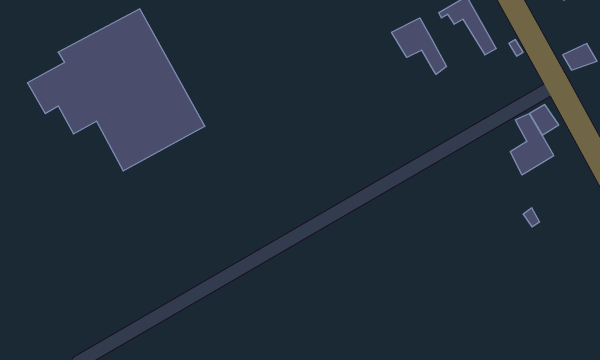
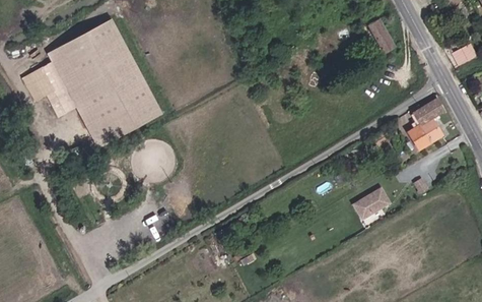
building: [392,18,447,74] -> none
building: none -> [355,187,392,219]

